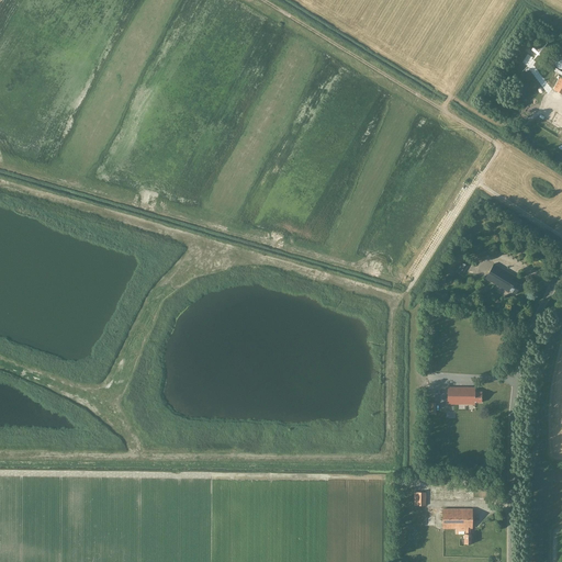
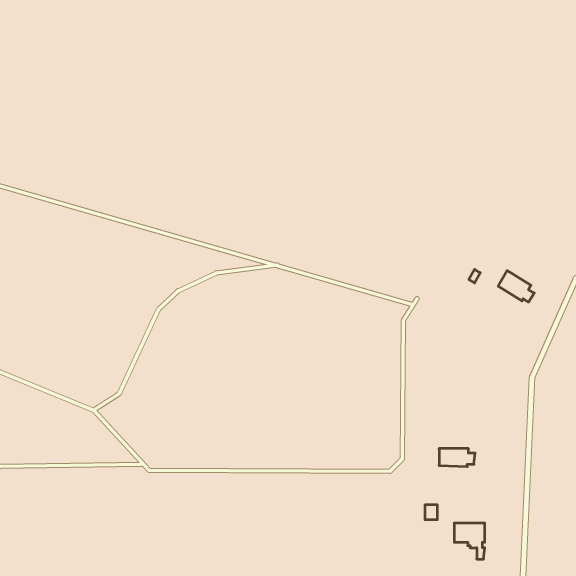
building: [447,387,482,405] -> [439,449,475,467]

